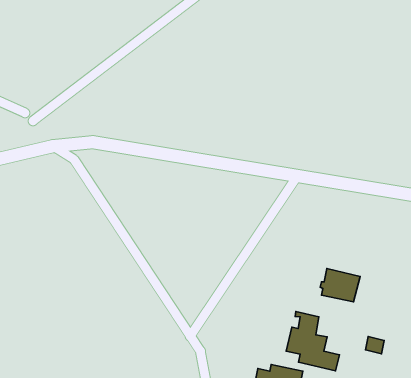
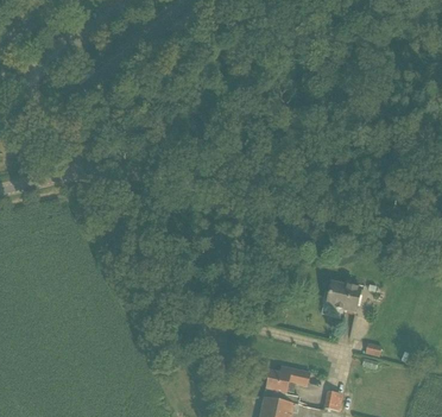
building: [286,311,339,371] -> none

